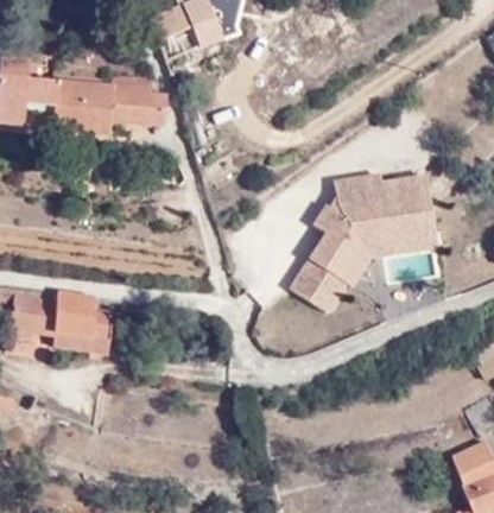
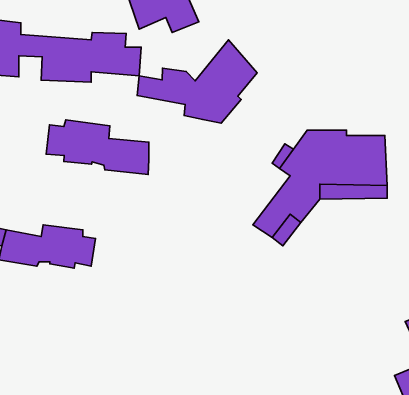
building: none -> [137,40,257,123]
building: none -> [46,120,149,175]

